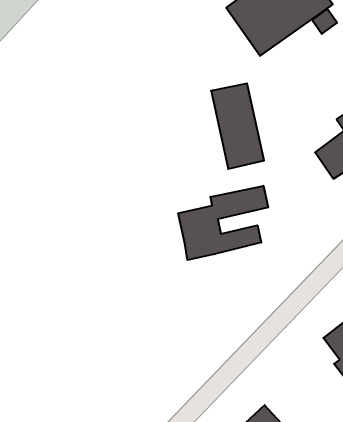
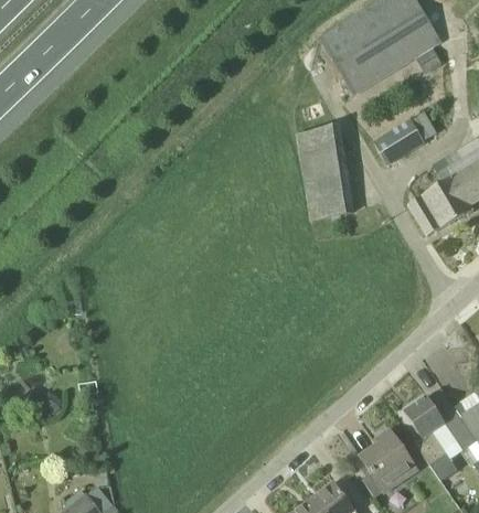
building: none -> [375,121,424,163]
building: [178,186,268,260] -> none
building: none -> [362,436,417,496]

